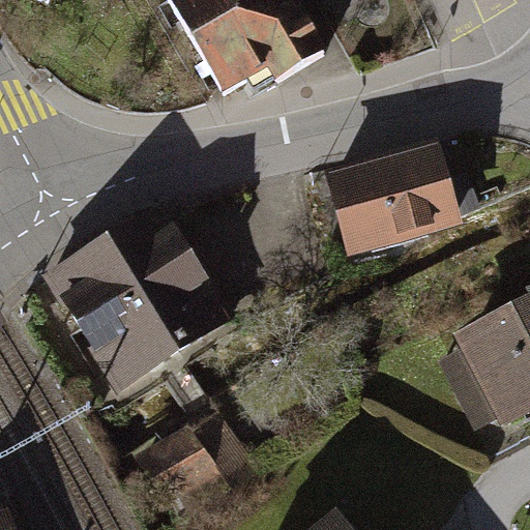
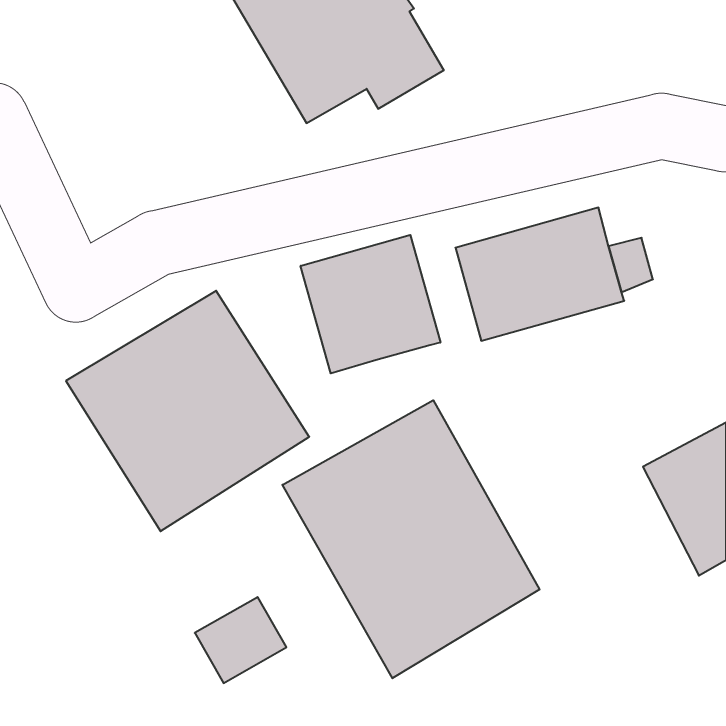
building: none -> [301,235,440,373]
building: none -> [282,400,540,678]

